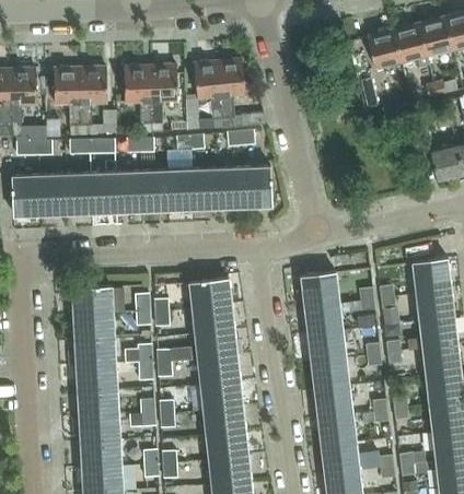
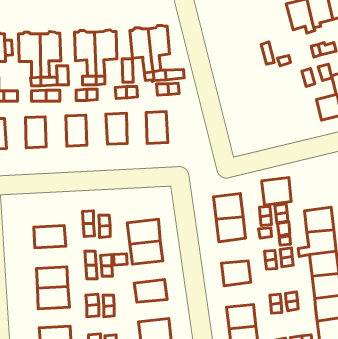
building: [367,31,402,70] -> none
building: [88,163,116,212] -> none
building: [241,166,271,207] -> none
building: [190,168,217,208] -> none
building: [139,170,166,210] -> none
building: [36,175,63,214] -> none
building: [413,258,450,293] -> [262,177,291,205]
building: [189,278,231,308] -> none
building: [72,286,112,314] -> none
building: [308,328,345,360] -> none
building: [74,338,115,366] -> none
building: [198,356,239,385] -> none
building: [314,384,351,415] -> none
building: [204,405,244,434] -> none
building: [79,415,119,442] -> none

